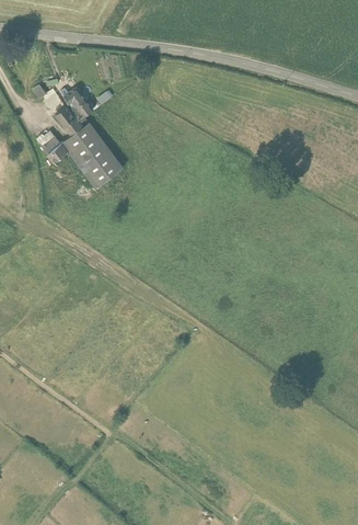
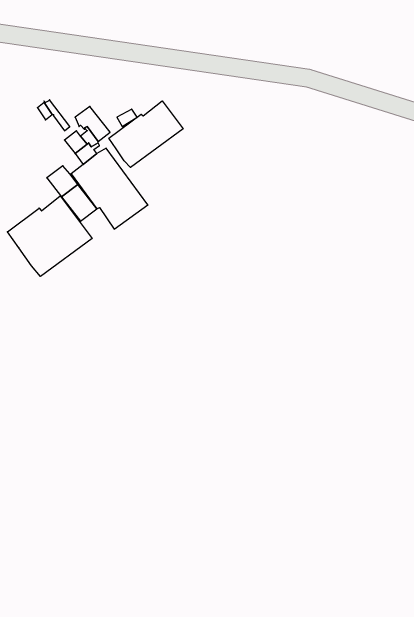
building: none -> [109,101,183,167]
building: none -> [7,196,92,276]

